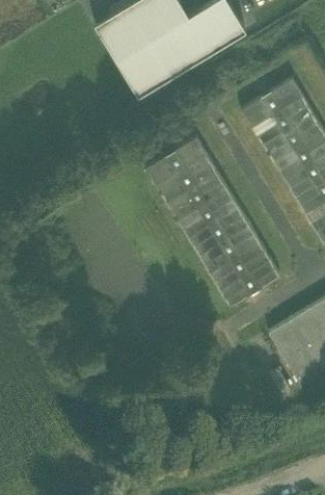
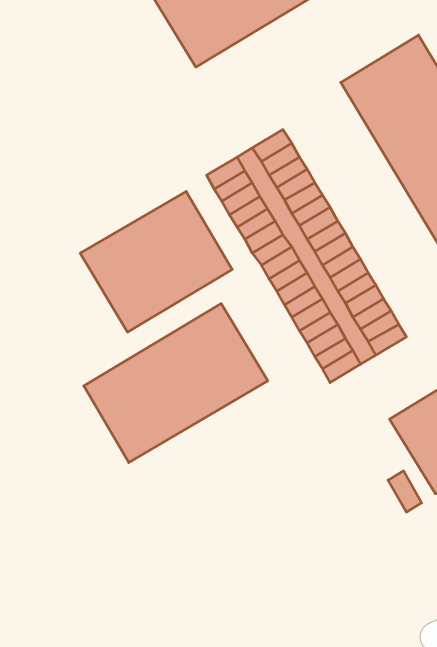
building: none -> [80,191,232,332]
building: none -> [84,304,268,463]

